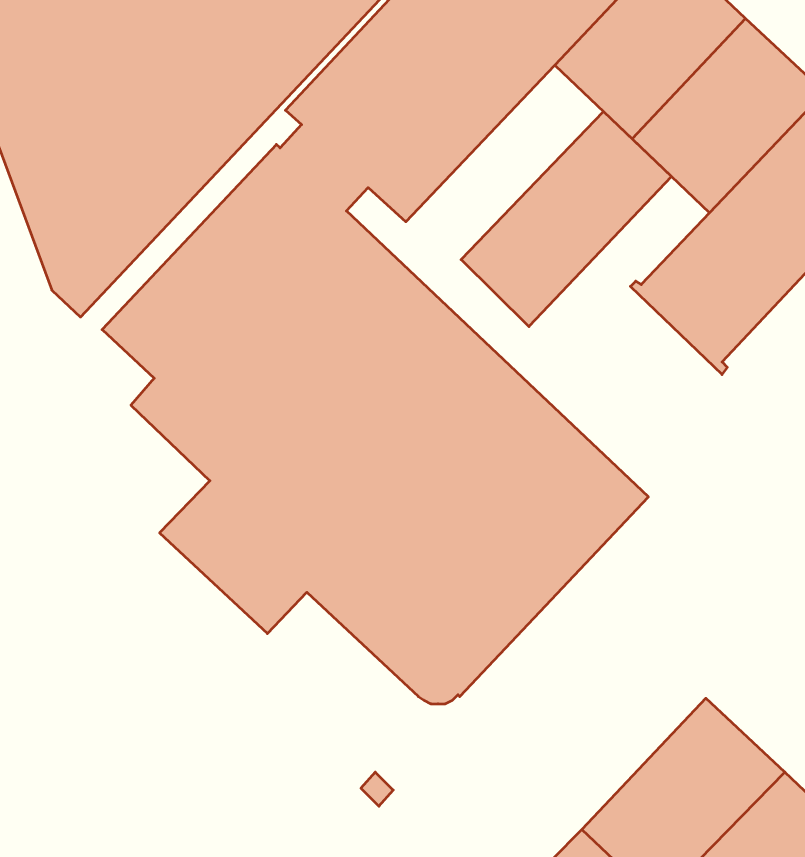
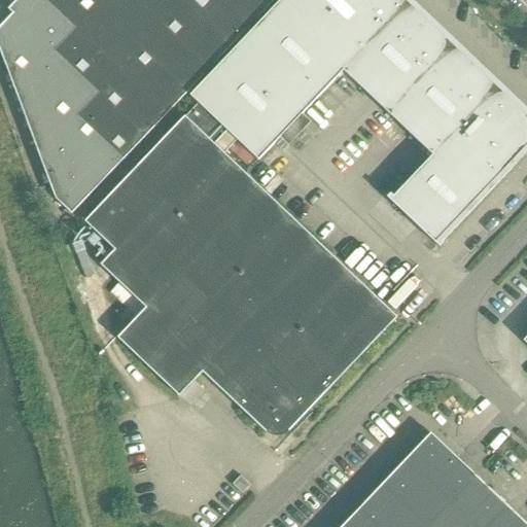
building: [461,112,672,327] -> none

